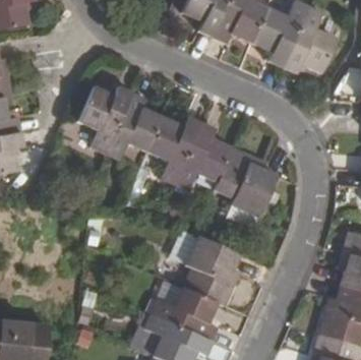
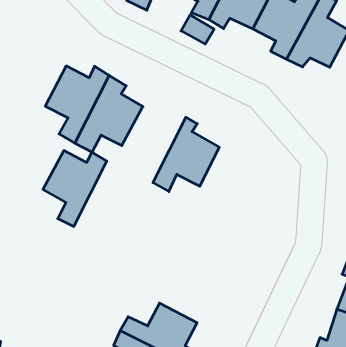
building: [146,116,200,181] -> [43,151,107,226]
building: [212,147,278,217] -> none
building: [186,234,242,303] -> none

